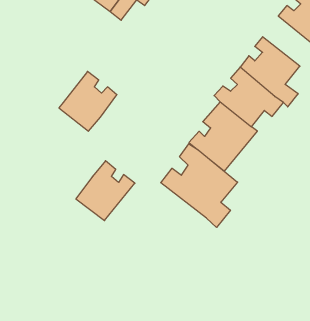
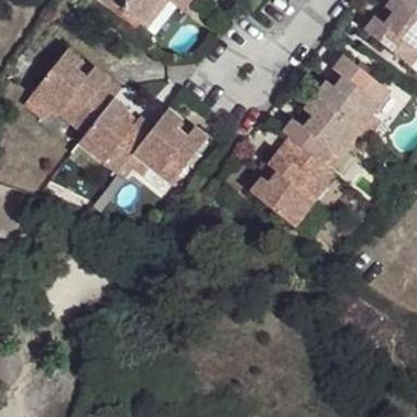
building: none -> [36,47,125,136]
building: [161,144,238,227] -> none
building: [76,161,135,221] -> [134,107,209,183]

